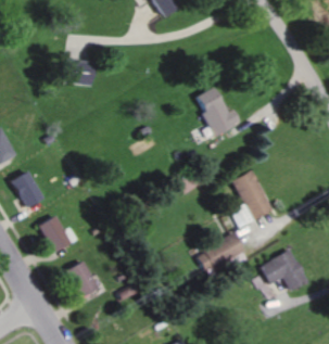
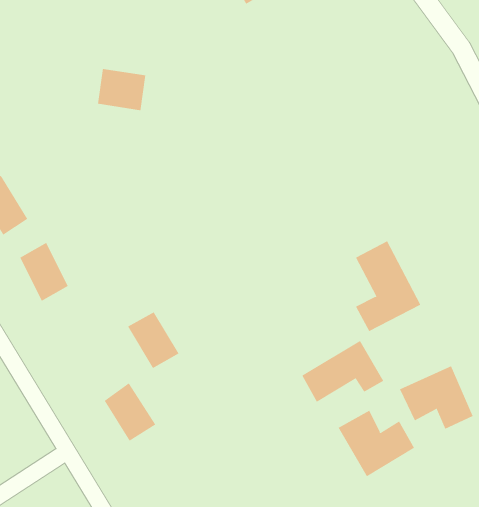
building: [194,88,240,136] -> none
building: [41,216,75,253] -> [127,311,180,369]
building: none -> [338,410,415,477]

